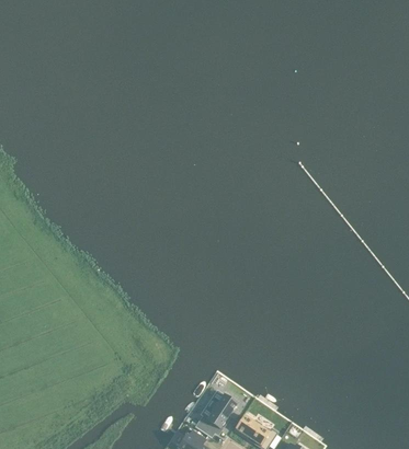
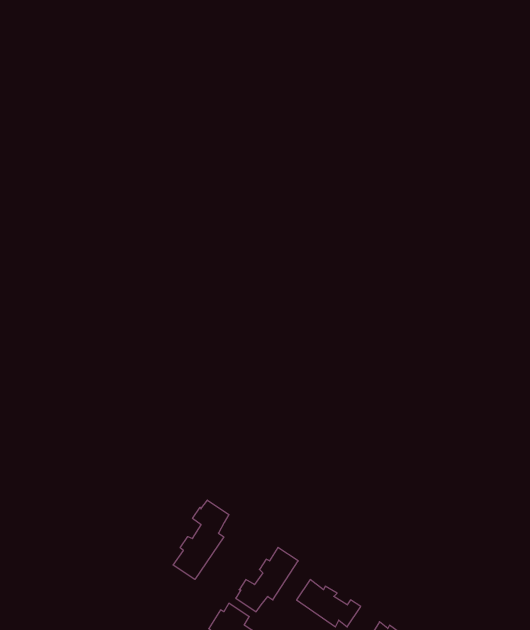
building: none -> [173,500,229,579]

